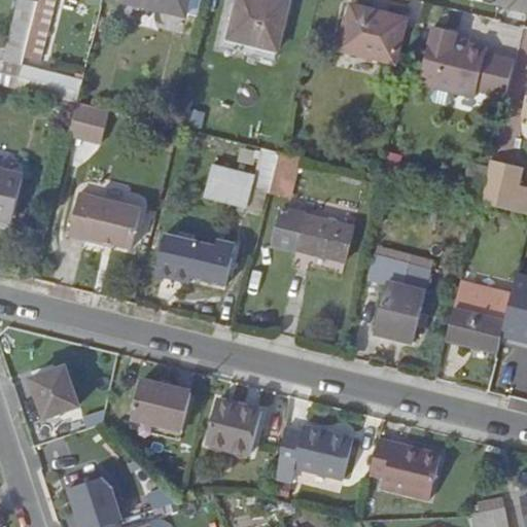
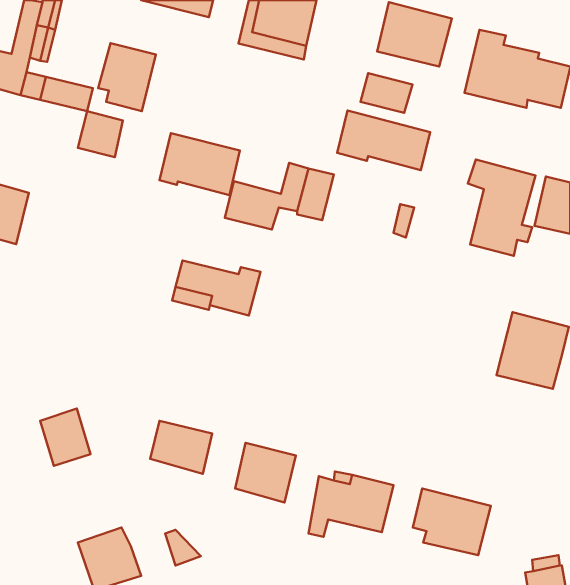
building: none -> [98,43,156,111]
building: none -> [361,73,413,113]
building: [71,190,143,246] -> [159,133,240,195]
building: [268,206,351,259] -> [337,110,430,170]
building: [371,254,431,341] -> [468,159,536,256]

